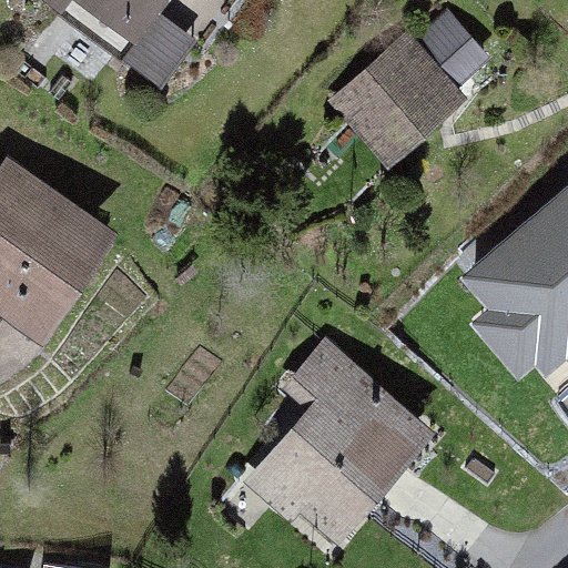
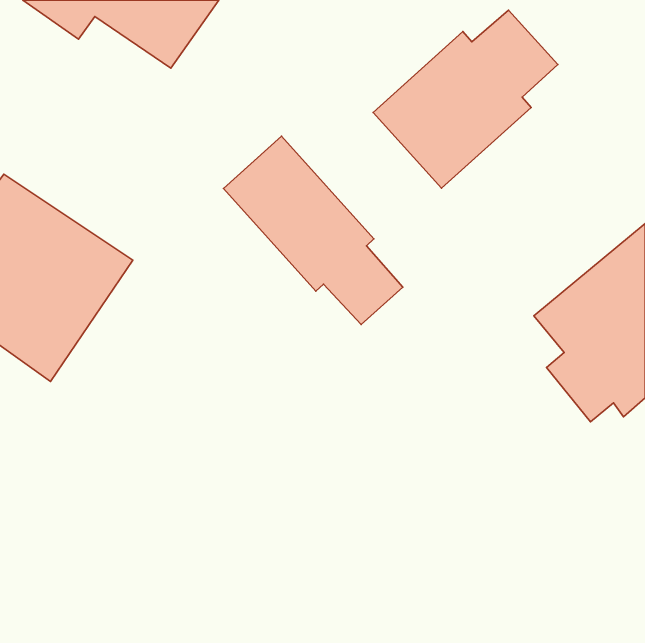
building: none -> [223,136,403,325]
building: [251,337,439,555] -> none

